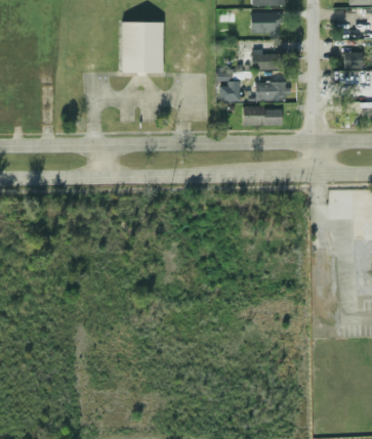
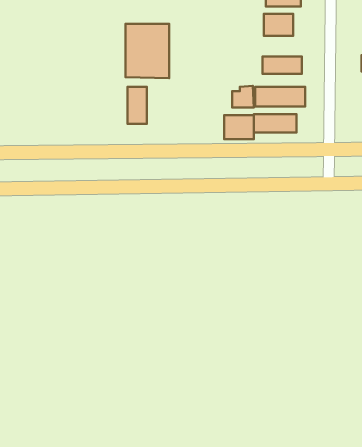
building: none -> [128,87,147,124]
building: none -> [224,115,254,139]

